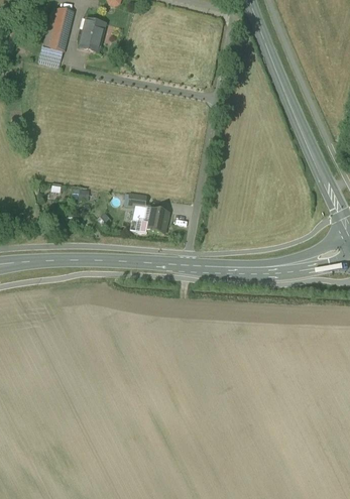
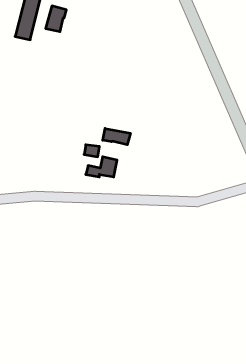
building: none -> [103,128,130,145]

